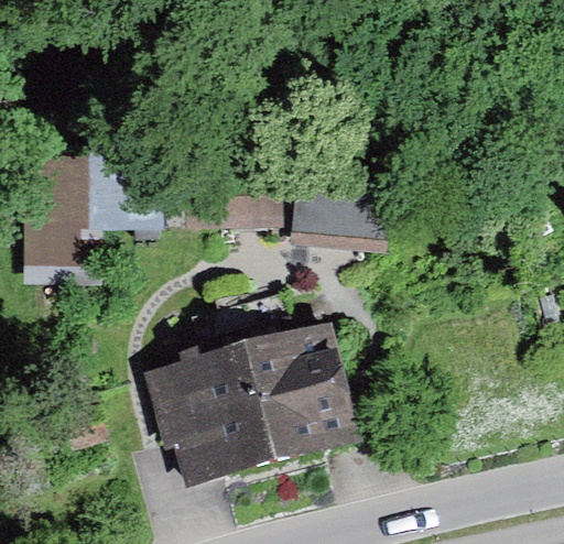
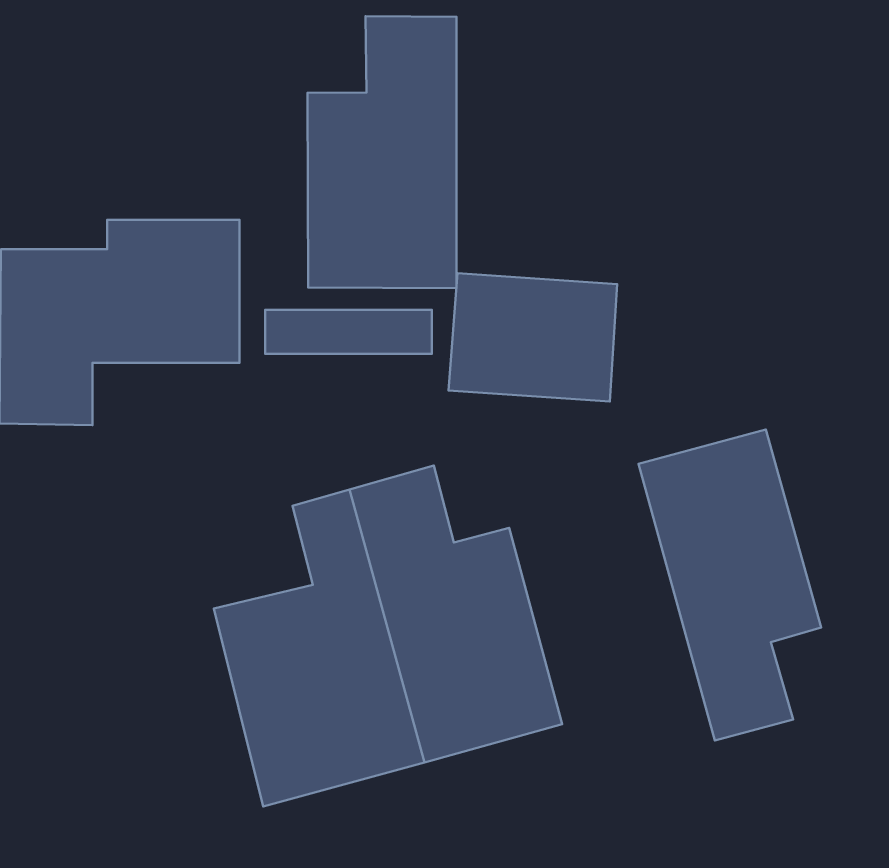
building: none -> [308,16,456,288]
building: none -> [639,429,821,740]

